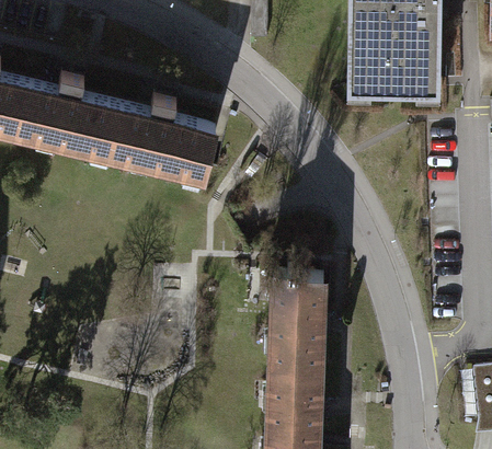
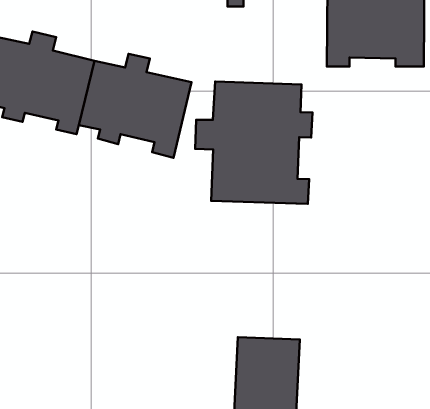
building: none -> [195,81,313,204]
building: [263,274,327,367] -> none

